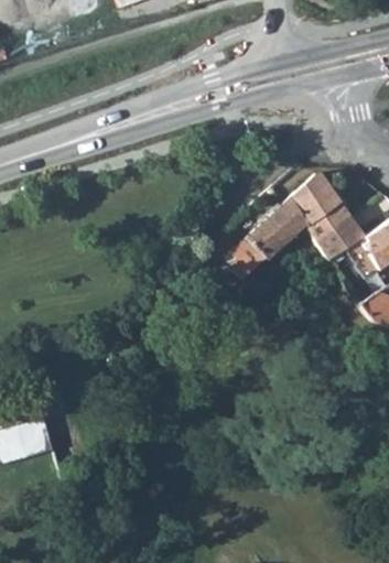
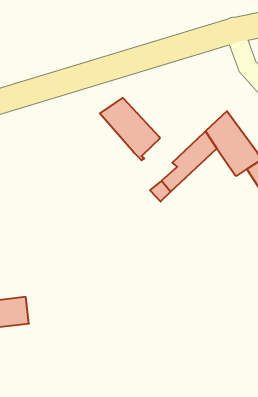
building: none -> [100,98,160,160]

